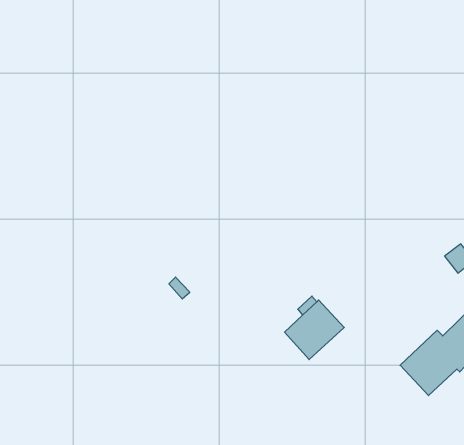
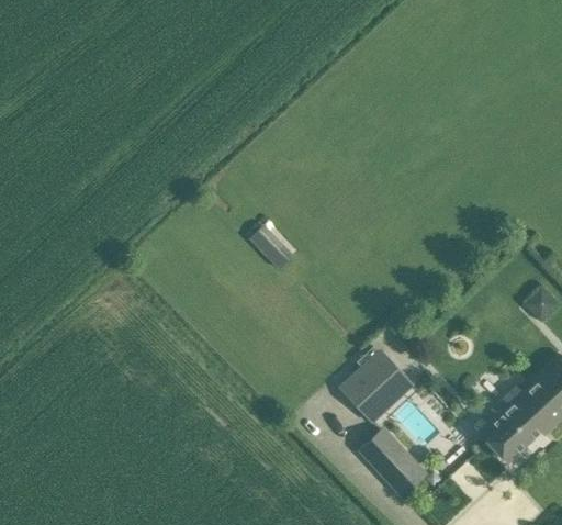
building: none -> [250,225,295,271]
building: none -> [363,432,426,495]

